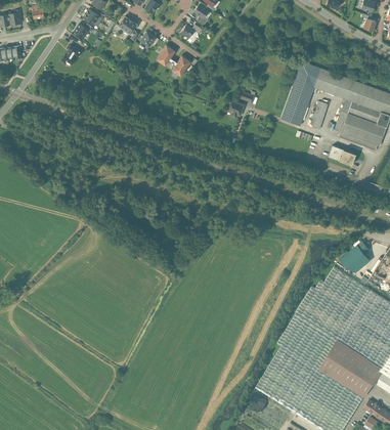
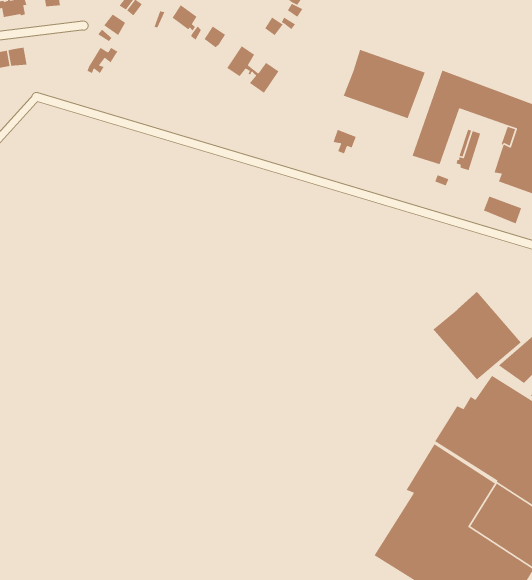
building: none -> [342,49,426,119]
building: none -> [432,291,522,380]

